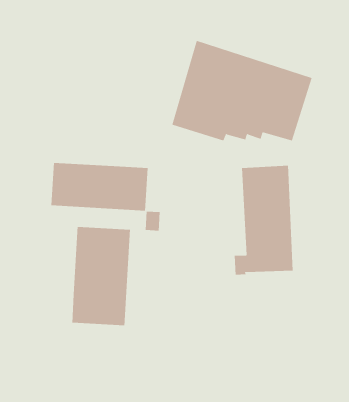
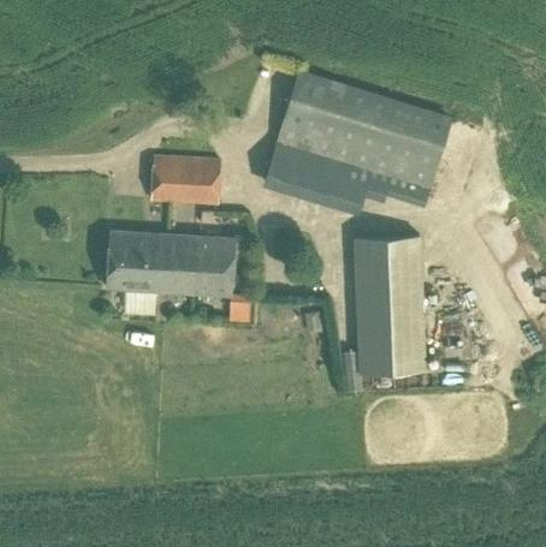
building: none -> [153,156,221,203]
building: [72,226,131,326] -> none

